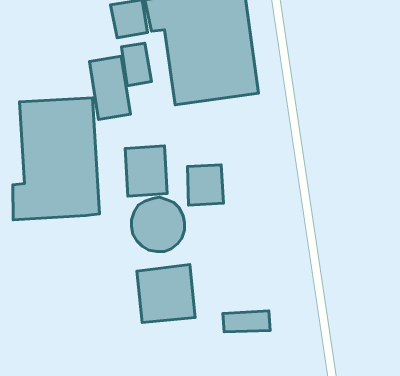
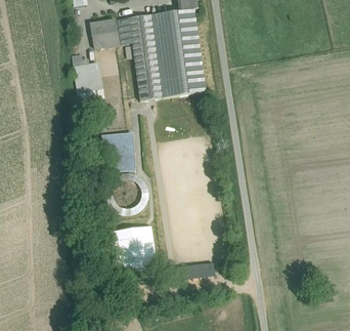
building: [121,43,152,86] -> none
building: [13,98,100,220] -> none
building: [188,165,223,205] -> none

